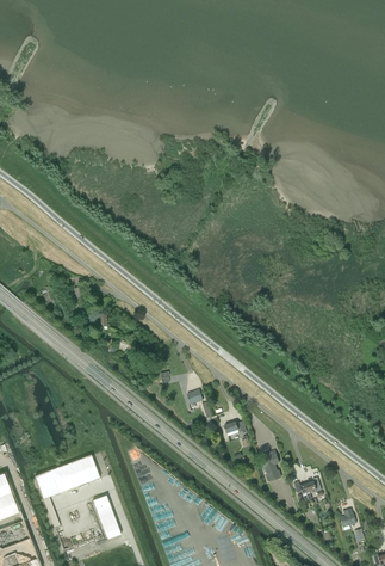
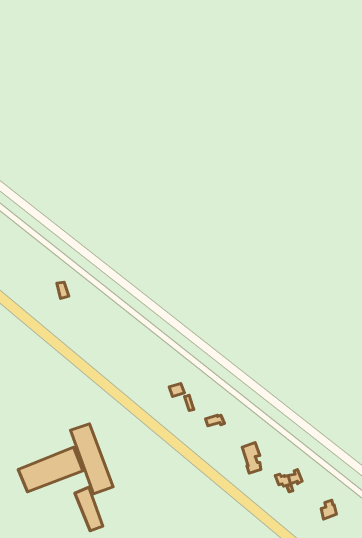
building: none -> [71,424,113,494]

